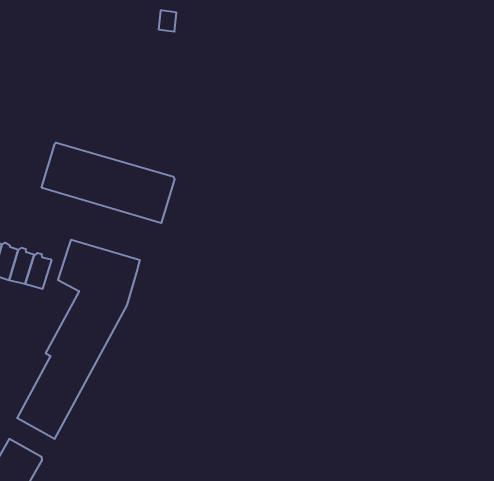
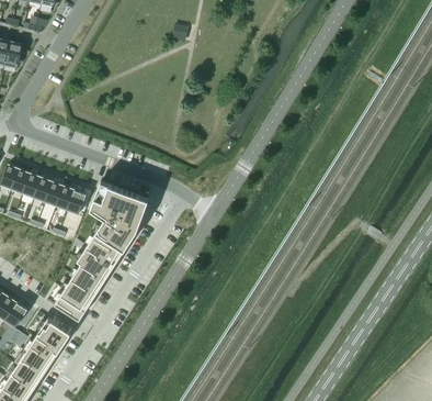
building: [42,142,175,223] -> none

